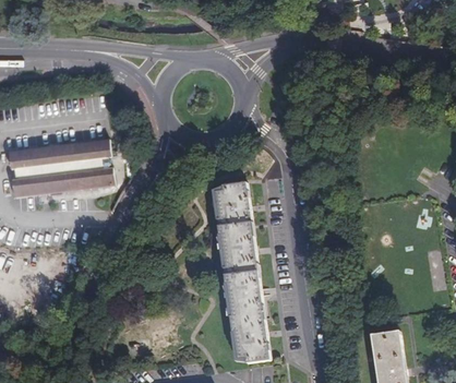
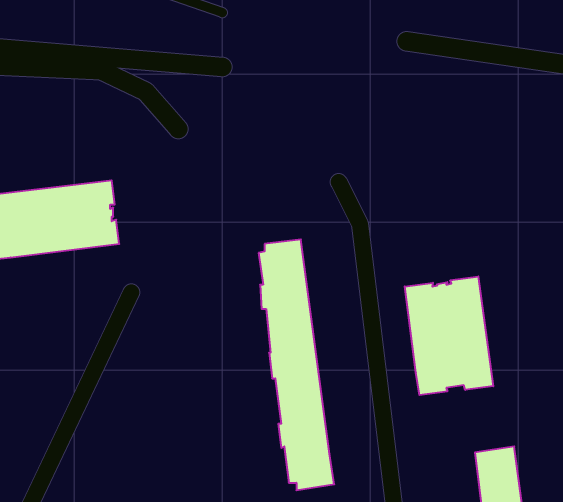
building: none -> [405,276,493,395]

